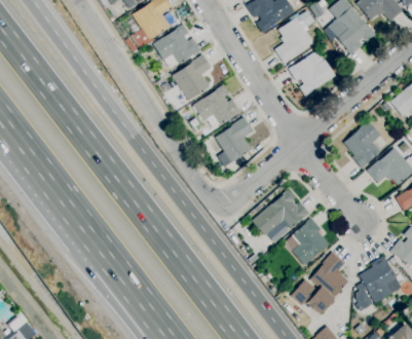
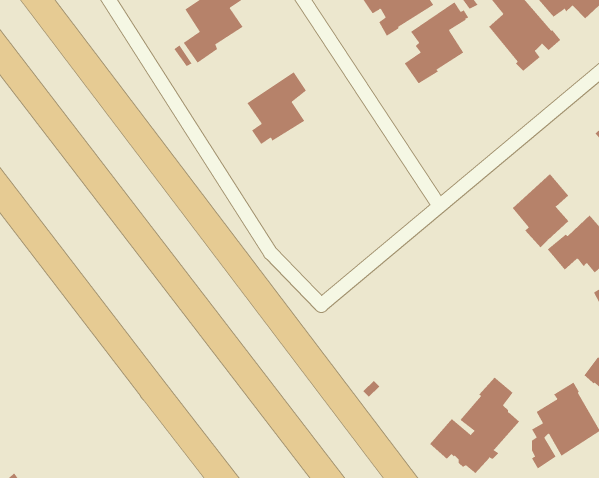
building: [153,23,201,68] -> none
building: [289,49,336,96] -> none
building: [193,84,240,127] -> none
building: [216,116,254,162] -> none
building: [252,188,309,235] -> none
building: [285,217,329,265] -> none

